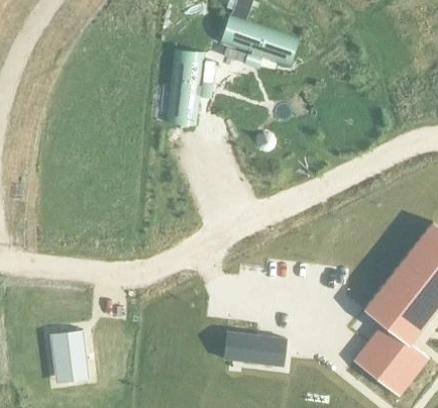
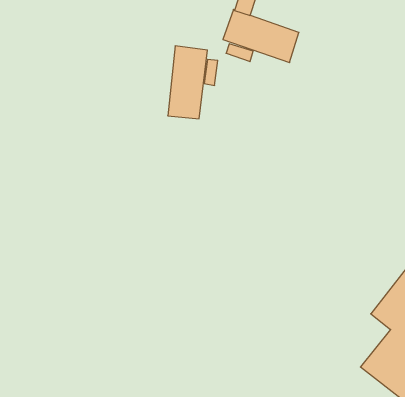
building: [51,331,89,383] -> none
building: [223,331,286,367] -> none

